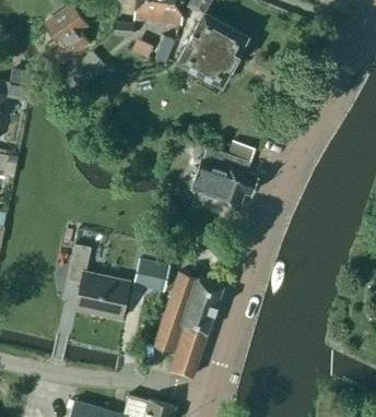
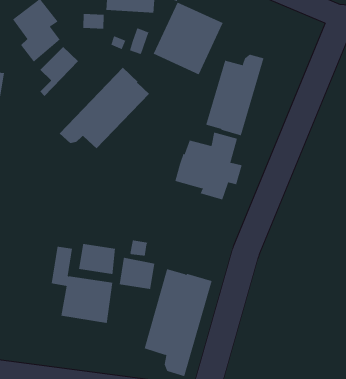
building: none -> [206,54,264,136]
building: none -> [59,67,150,149]
building: none -> [79,243,116,275]

